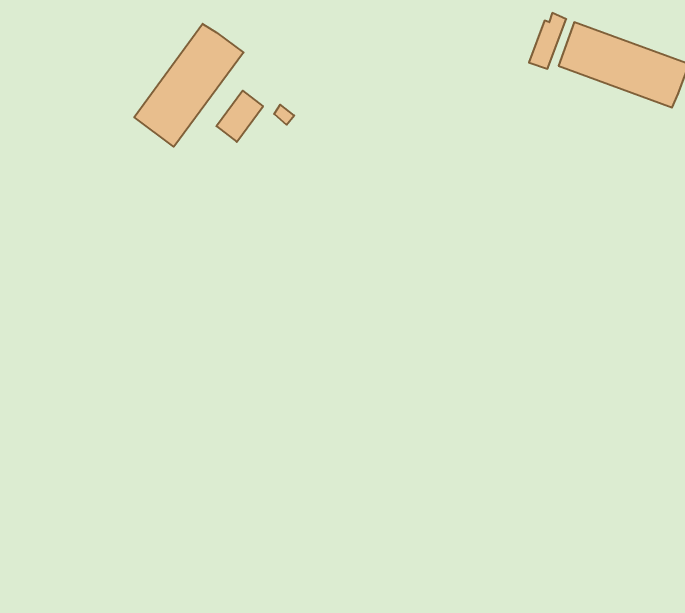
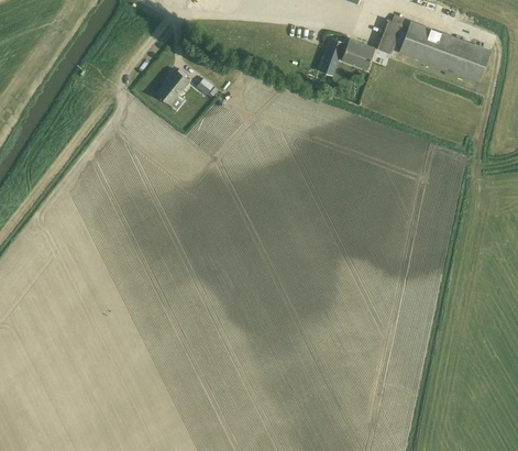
building: [134,24,244,147] -> none
building: none -> [321,37,374,69]

